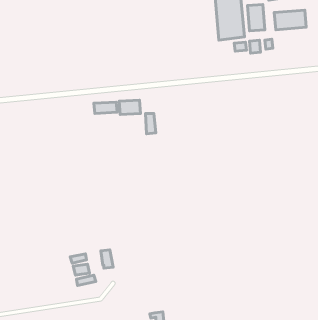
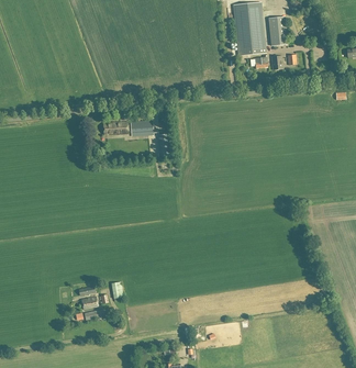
building: [274,10,306,30] -> none

